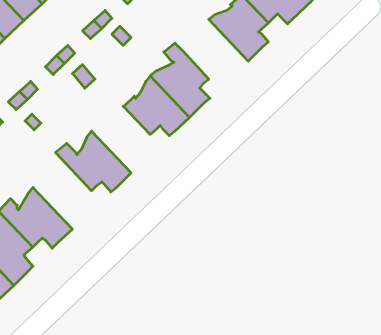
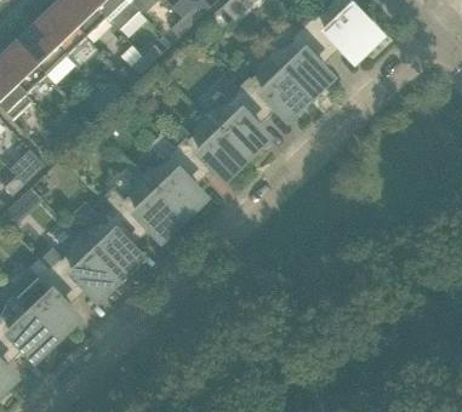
building: none -> [239,52,309,118]
building: none -> [141,145,205,217]
building: none -> [78,195,142,277]

